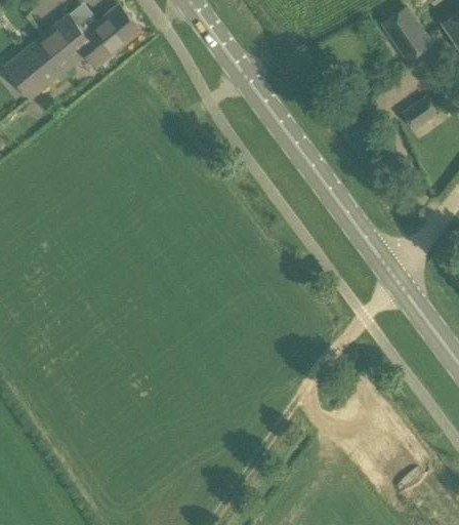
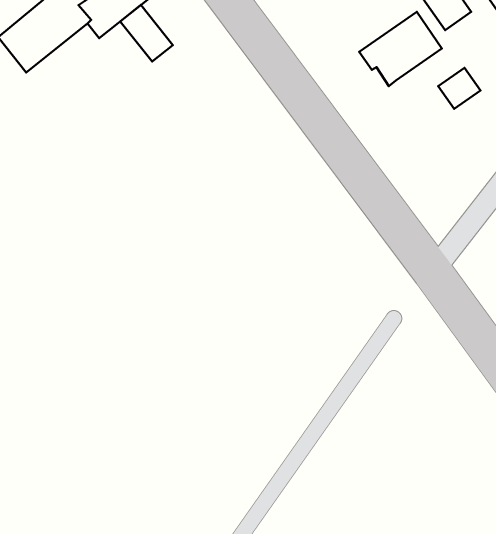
building: none -> [120,5,173,62]
building: none -> [359,12,442,86]

